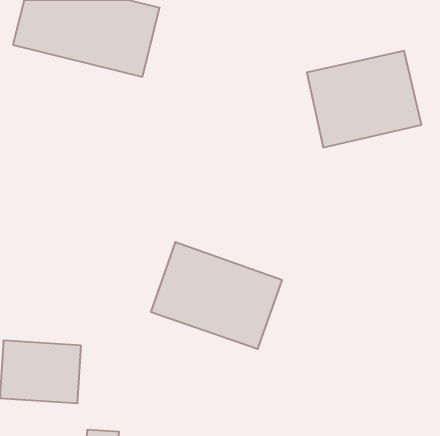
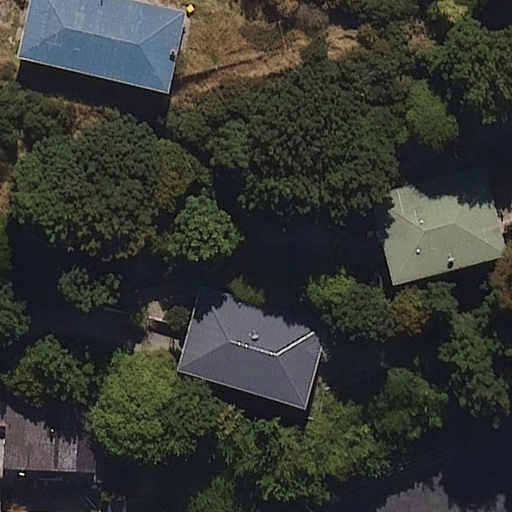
building: [307,51,421,147] -> [372,170,505,282]

